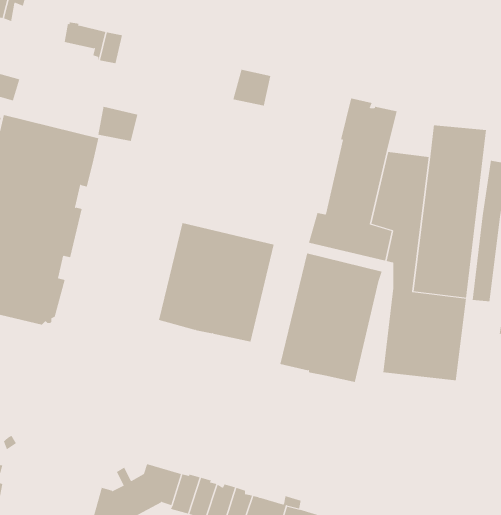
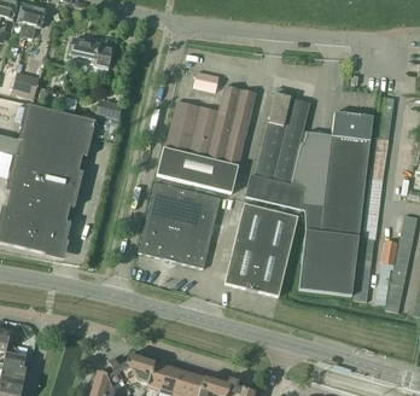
building: none -> [157,85,256,192]

